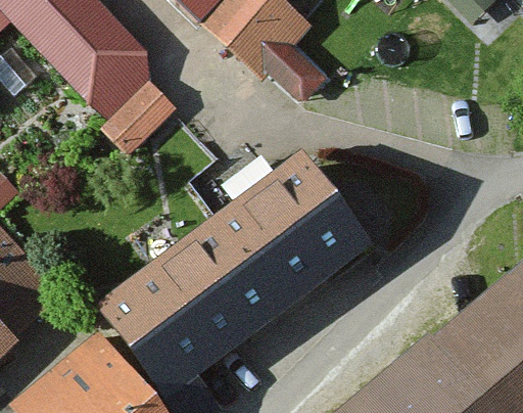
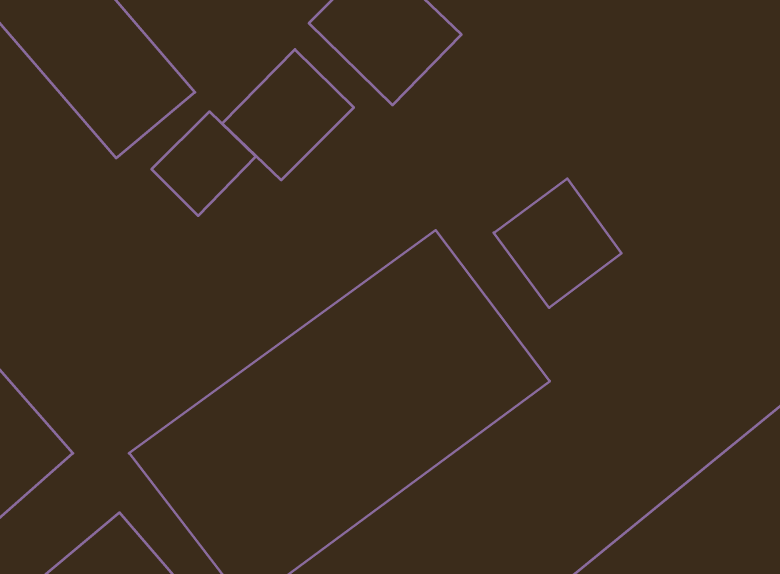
building: none -> [222,49,354,180]
building: none -> [494,179,621,308]

